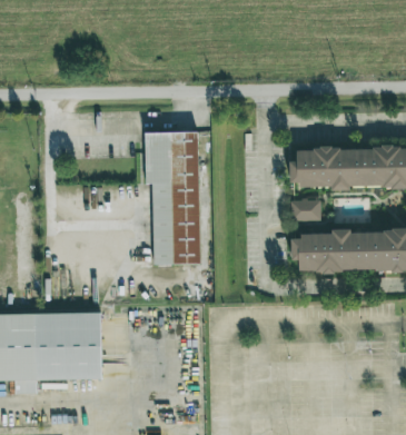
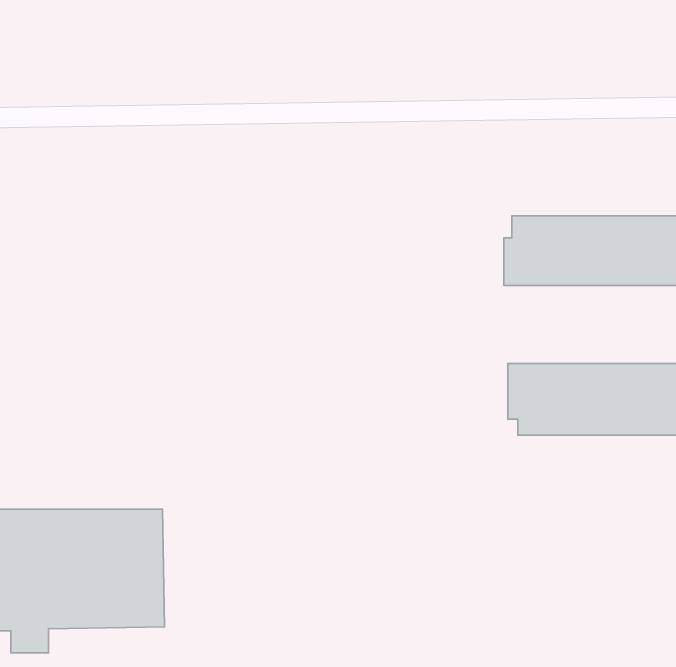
building: [143,131,199,264] -> none
building: [291,200,321,221] -> none

